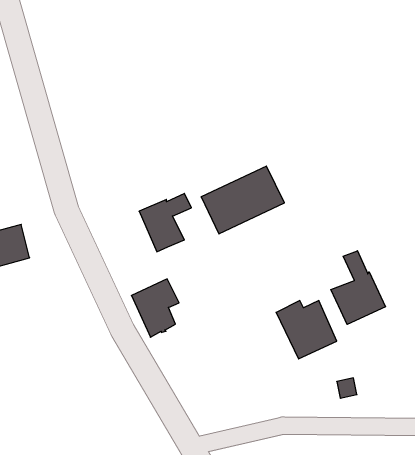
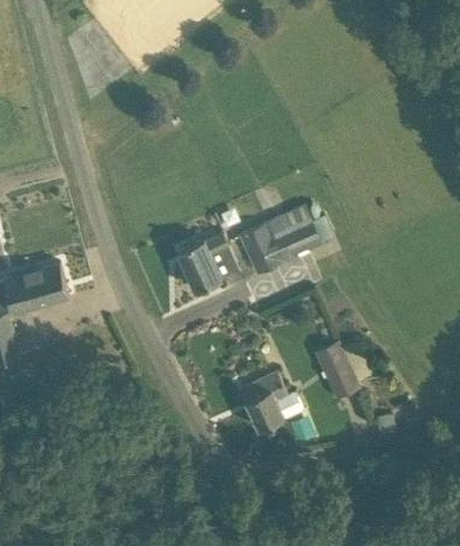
building: [331,251,385,324] -> none
building: [131,279,179,337] -> [241,374,289,432]

